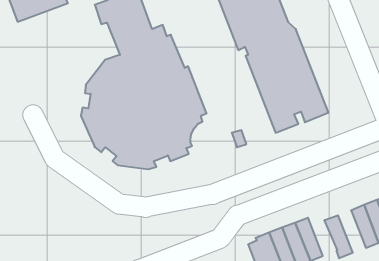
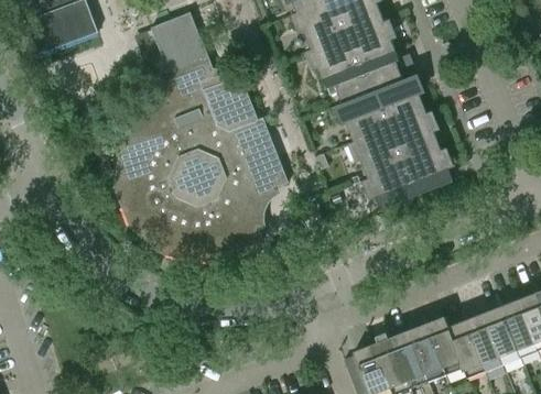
building: none -> [465,314,502,371]
building: none -> [424,316,464,375]

